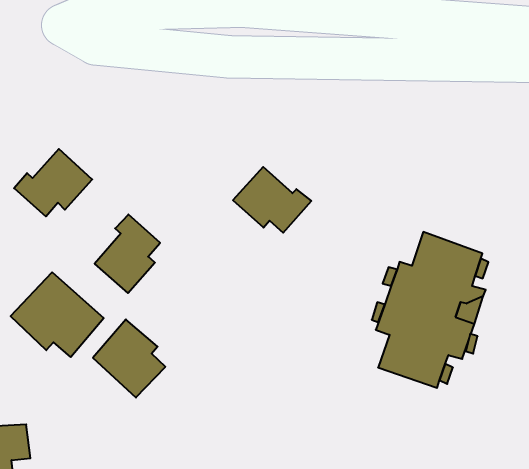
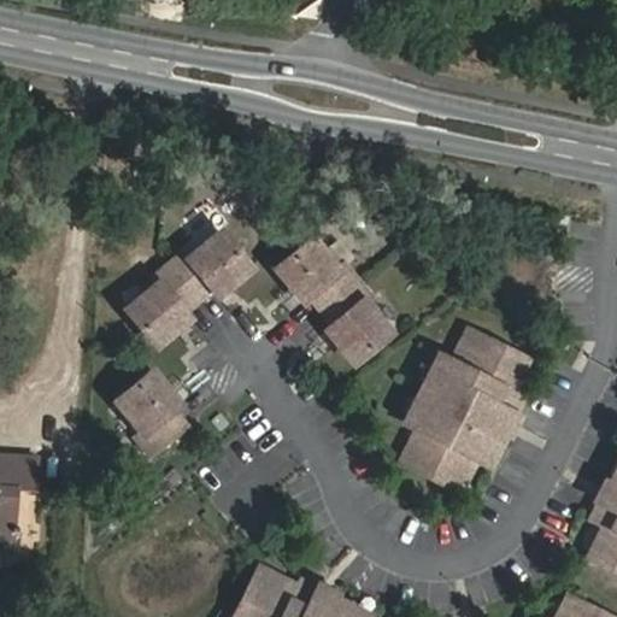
building: [14,149,92,216] -> [171,231,252,298]
building: none -> [325,280,392,360]
building: [11,272,104,357] -> none

